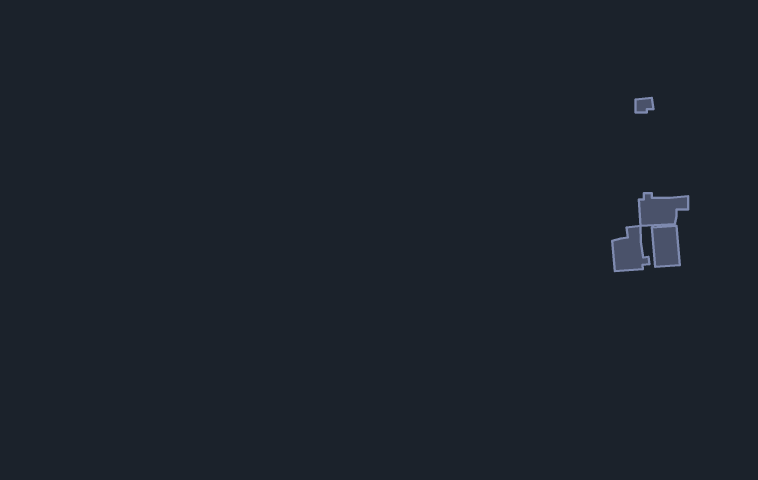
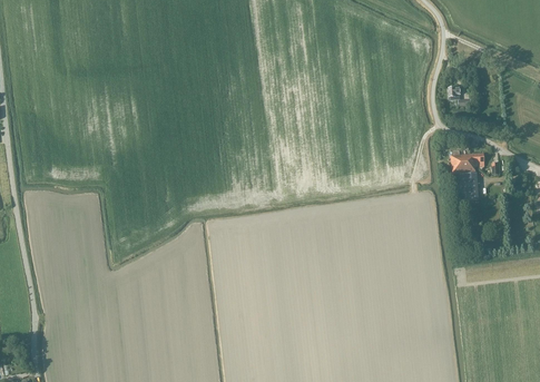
building: [612,226,649,271] -> none

